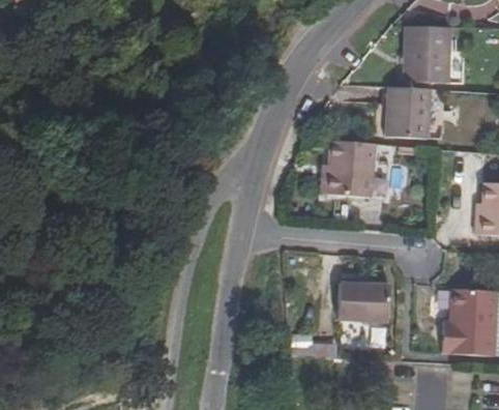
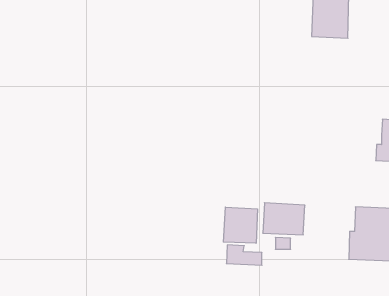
building: [384,86,425,138] -> none
building: [331,142,378,198] -> none
building: none -> [223,207,257,243]

